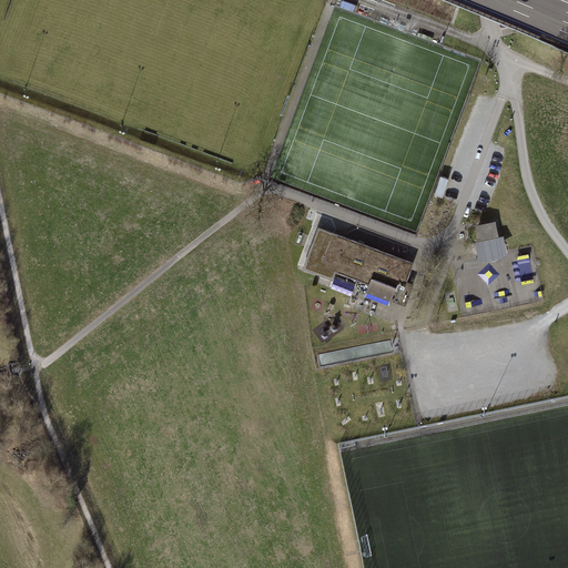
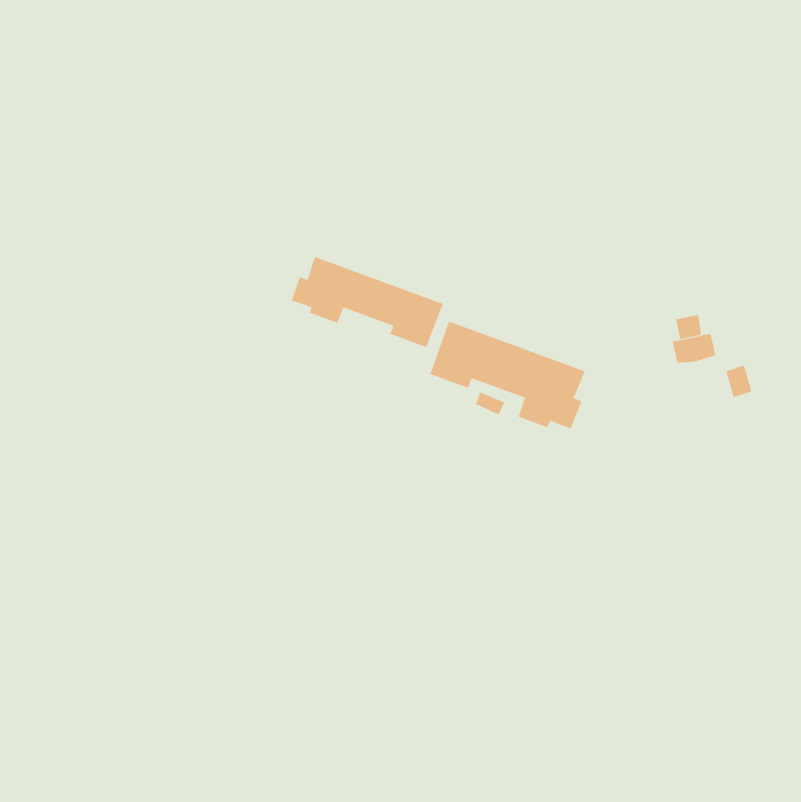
building: none -> [291,256,444,348]

